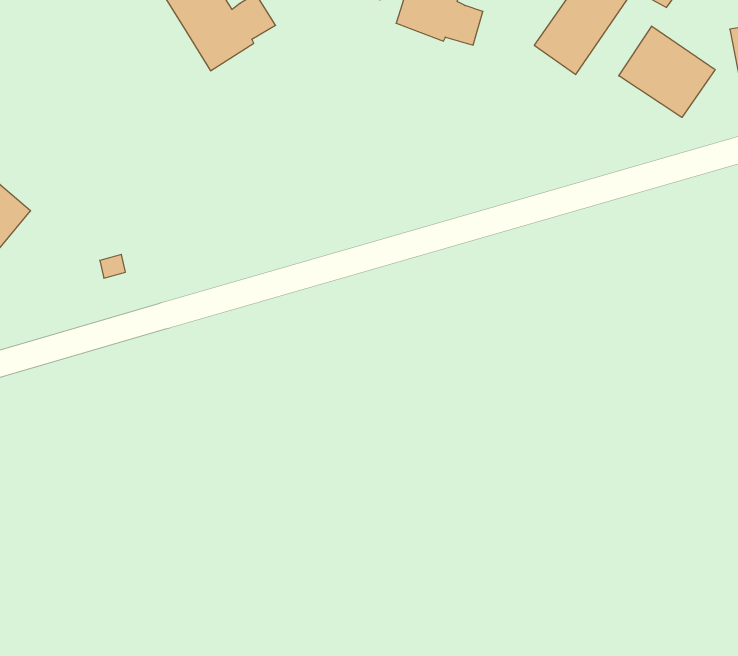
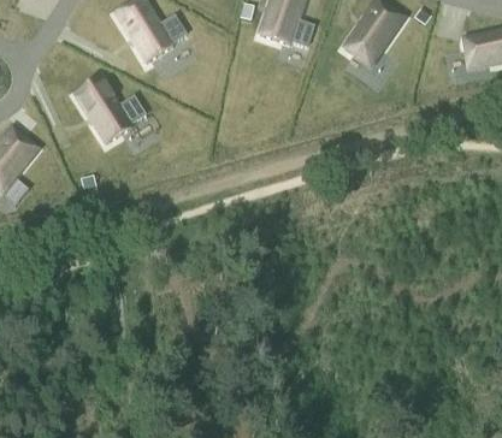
building: [619,26,715,117] -> none
building: none -> [75,77,146,143]

